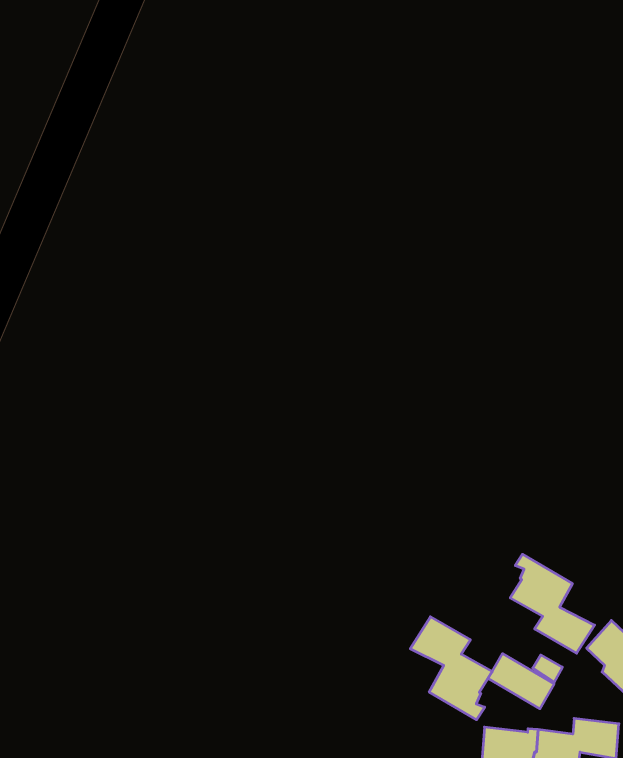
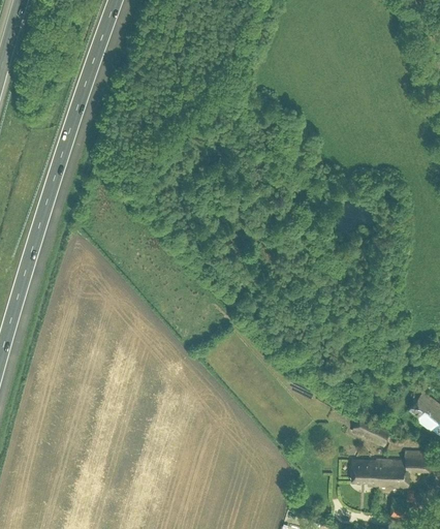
building: [510,554,595,653] -> none
building: [410,617,492,720] -> none

